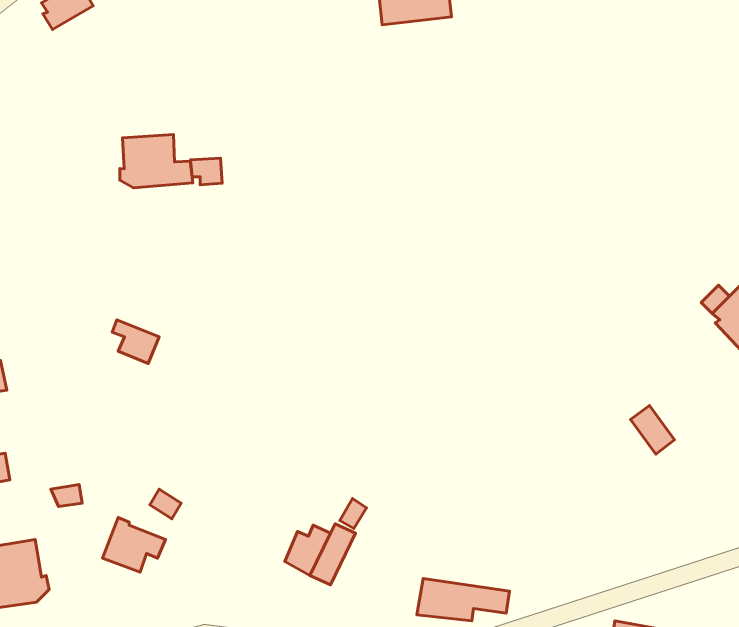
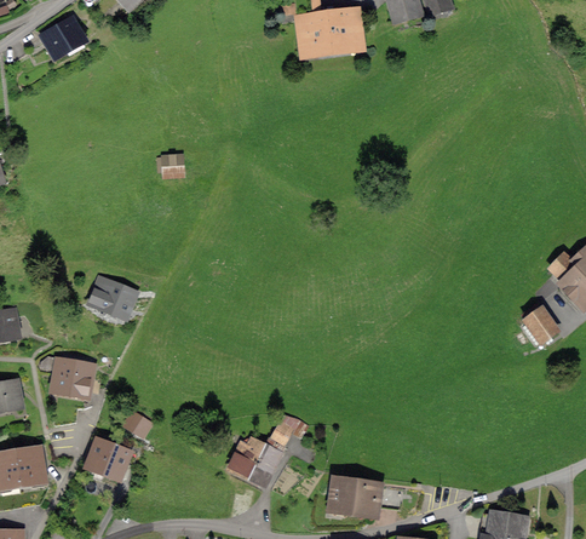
building: [120,134,193,188] -> none
building: [631,405,675,454] -> [523,303,557,340]
building: none -> [56,362,90,392]

